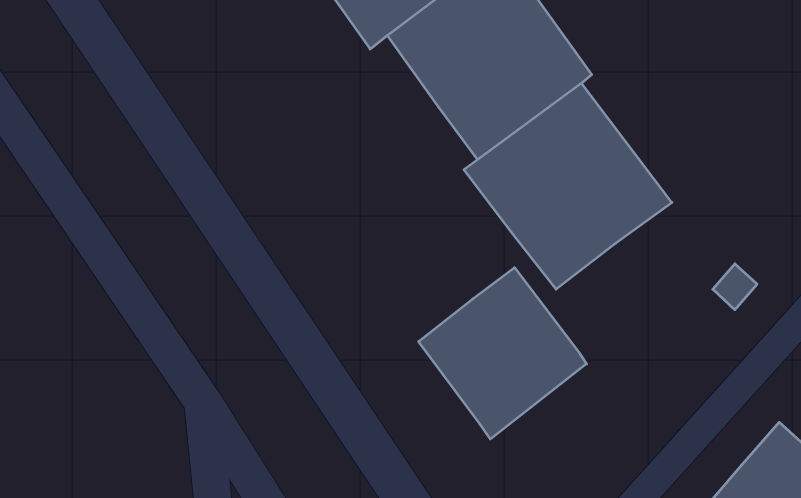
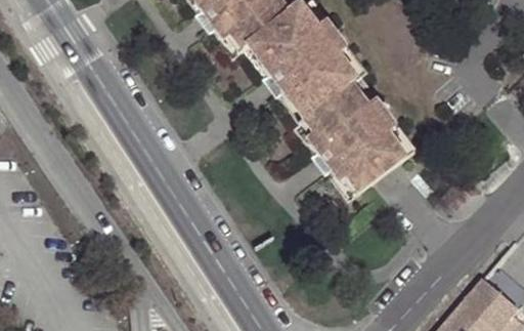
building: [419,268,587,439] -> none

